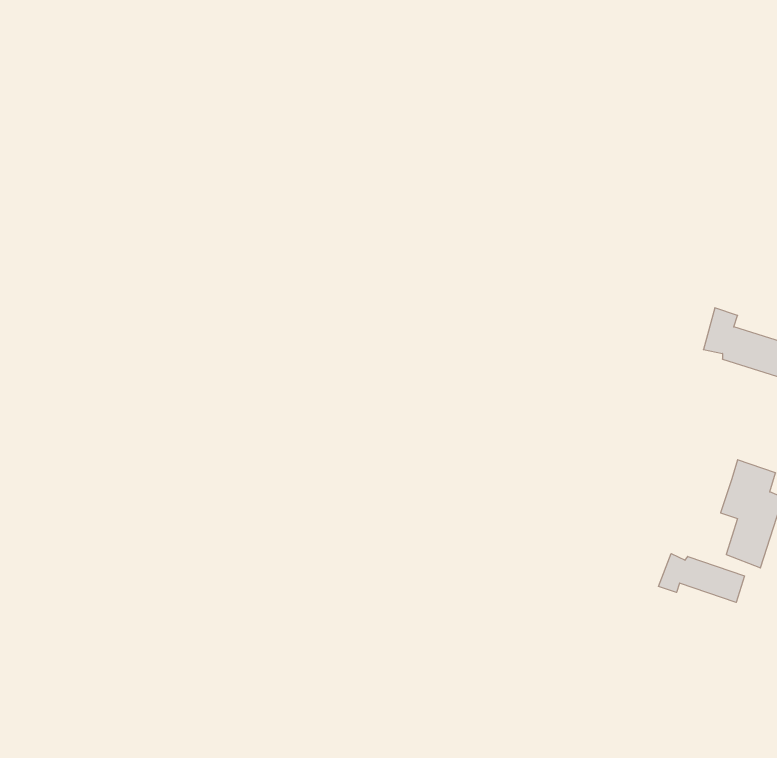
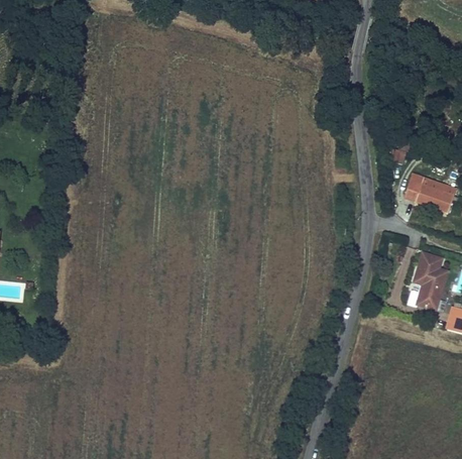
building: [659,554,744,602] -> none

